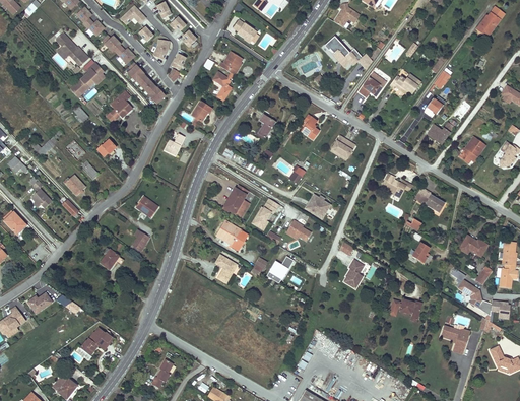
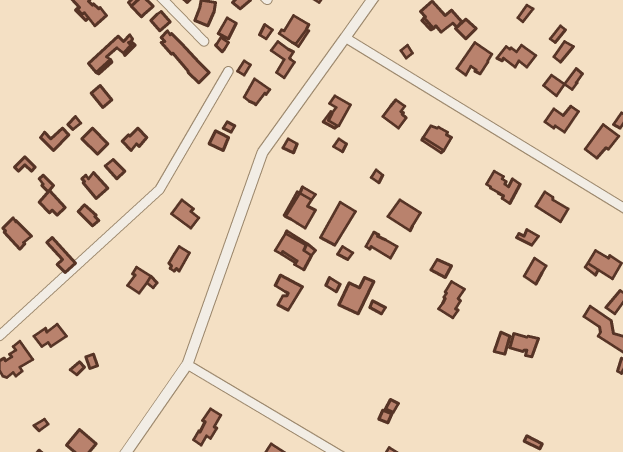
building: [107,90,132,122] -> none
building: [441,325,470,353] -> none
building: [80,327,114,354] -> none

